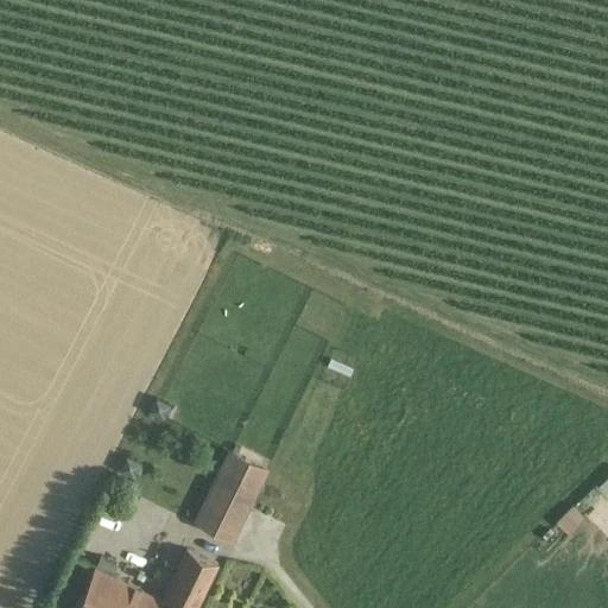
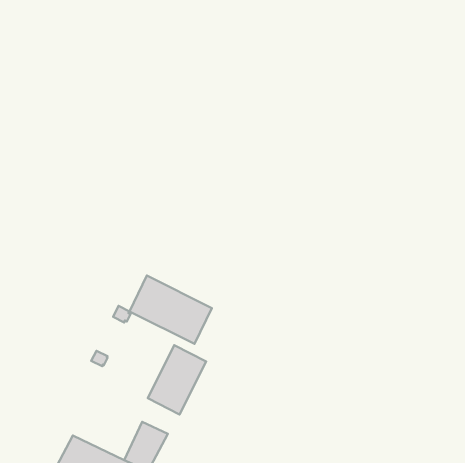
building: none -> [129,276,212,344]

